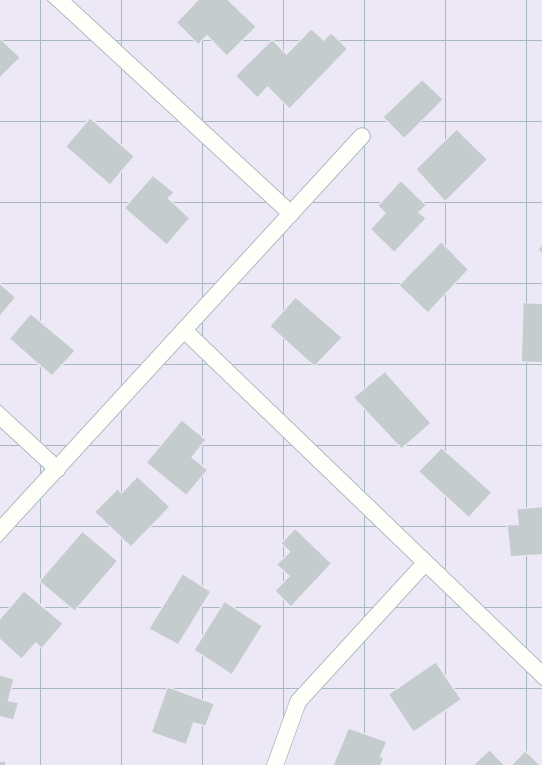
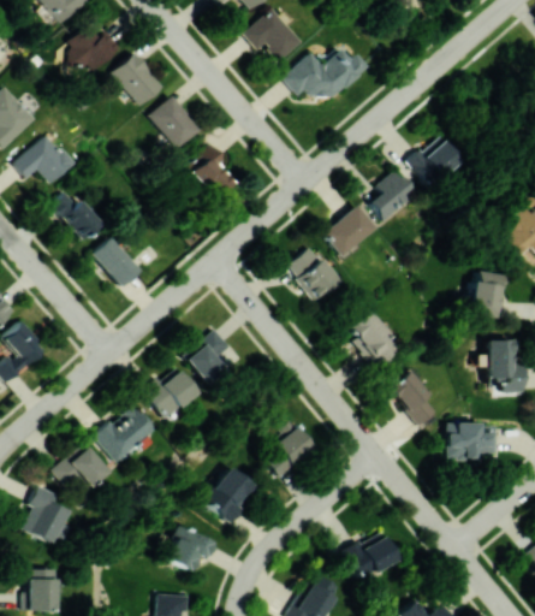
building: none -> [112,53,164,105]
building: [383,80,443,138] -> none
building: [399,242,468,313] -> [323,205,376,256]
building: [149,574,211,645] -> none

